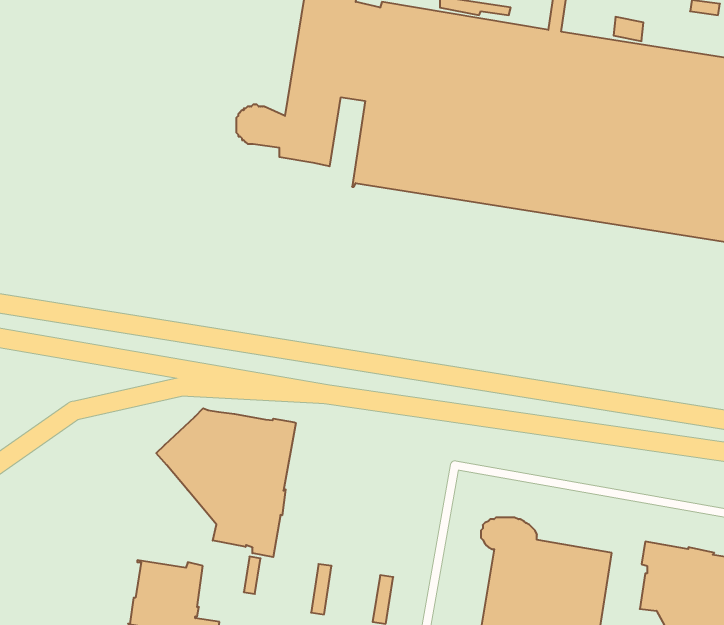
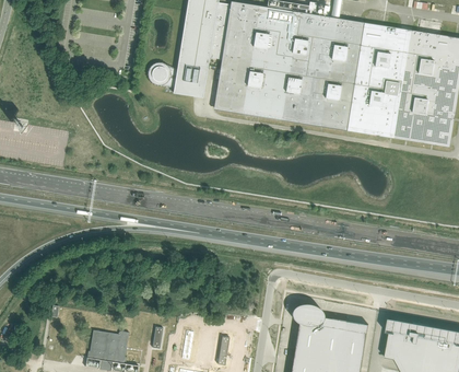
building: [156,408,296,557] -> none

